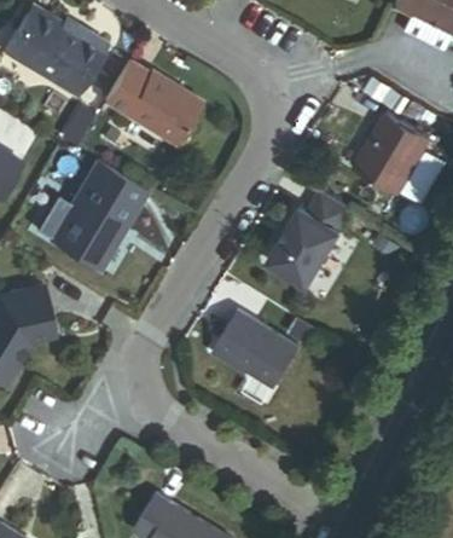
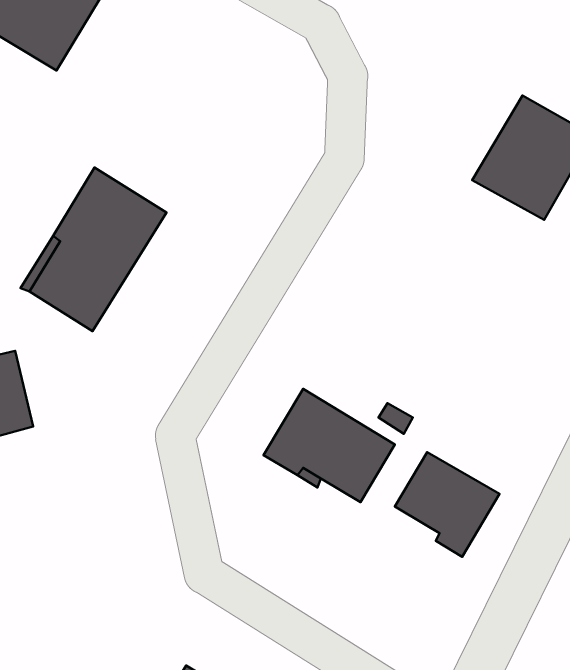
building: [101,60,199,144] -> none
building: [266,190,354,287] -> none
building: none -> [395,452,499,557]

